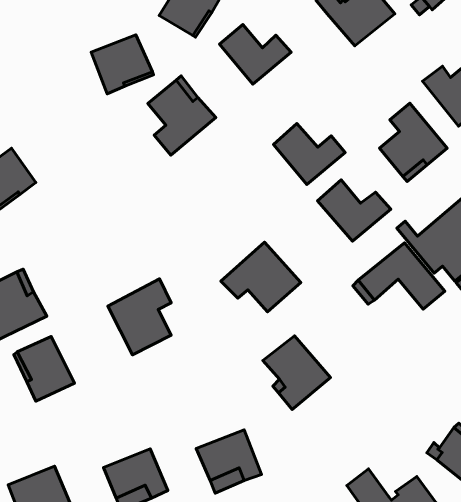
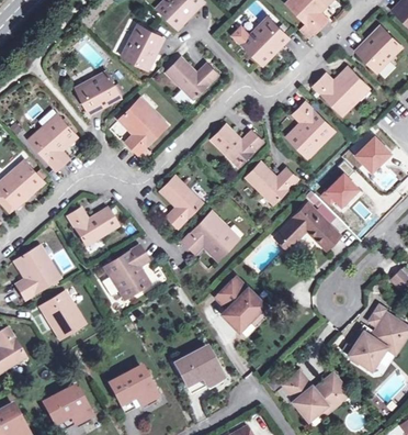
building: none -> [26,110,76,170]
building: none -> [159,176,202,228]
building: none -> [66,208,116,246]

